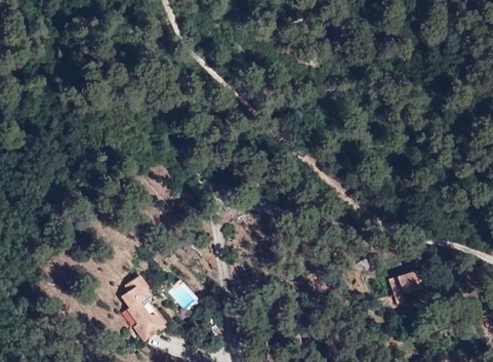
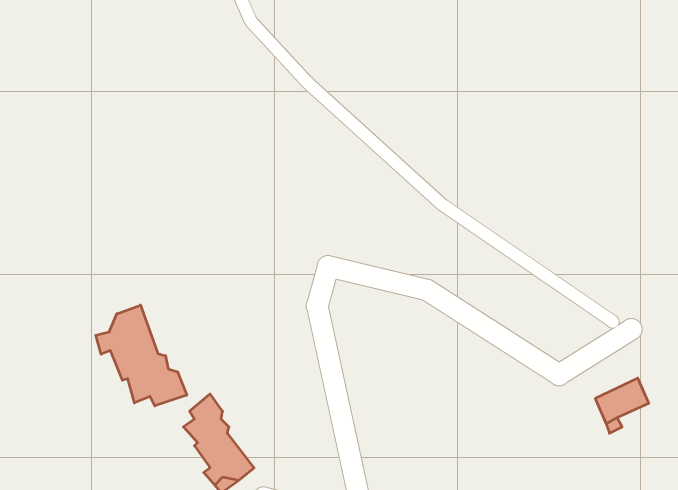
building: none -> [96,305,187,406]

